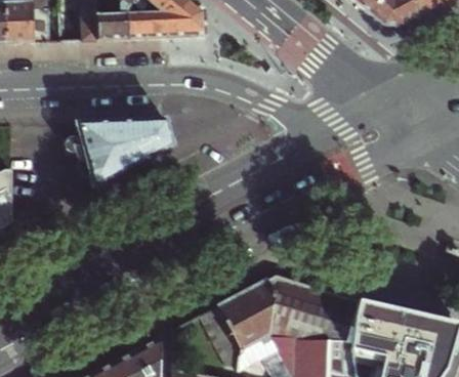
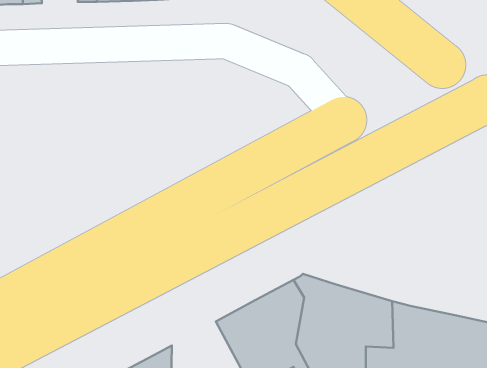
building: [75,118,172,186] -> none

